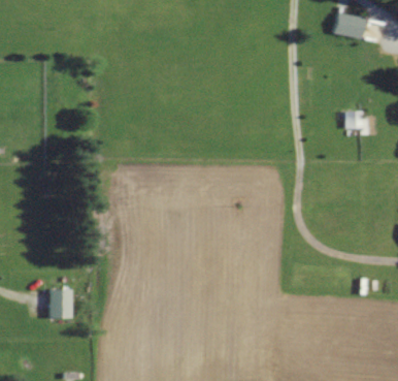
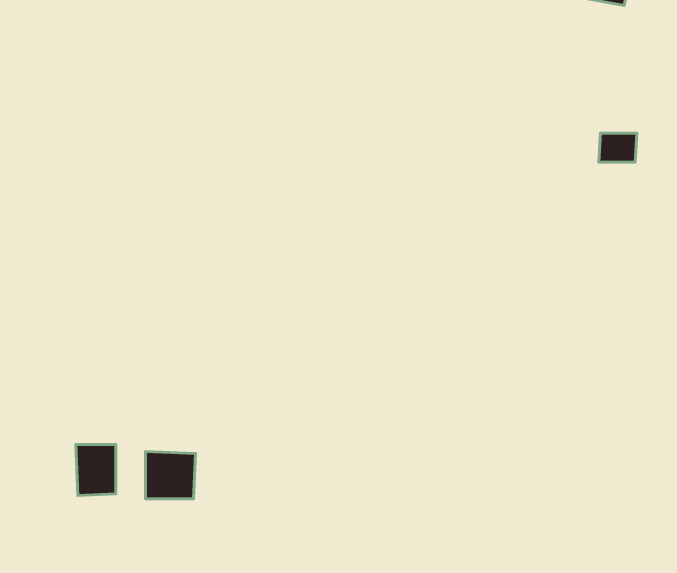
building: none -> [146,451,195,499]

